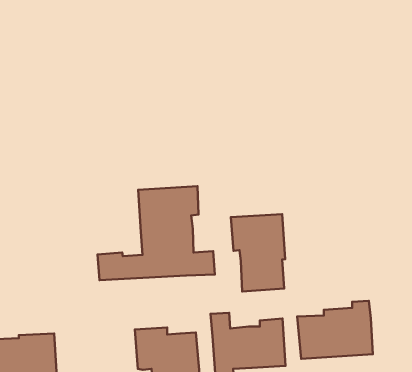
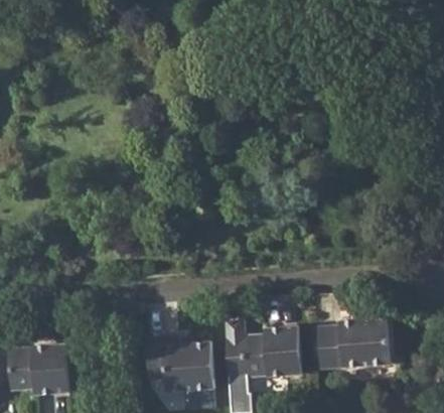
building: [98,186,215,280] -> none
building: [231,214,285,291] -> none

